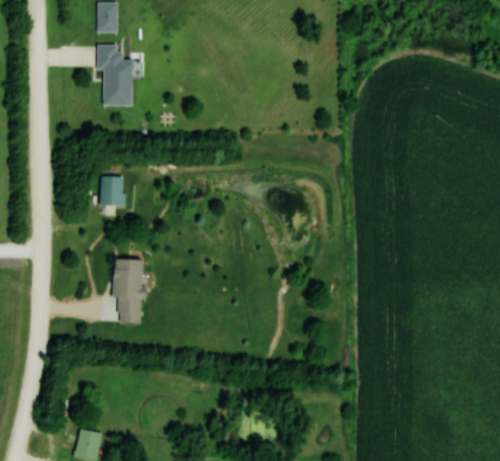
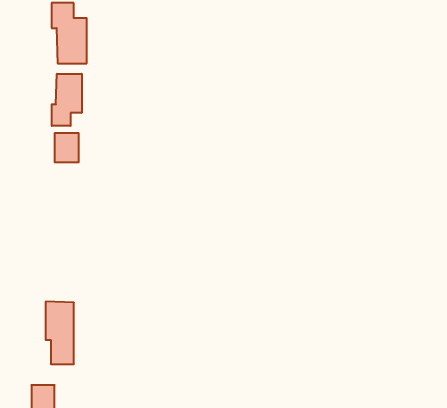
building: none -> [52,74,82,126]
building: [113,258,142,322] -> [46,302,74,364]

